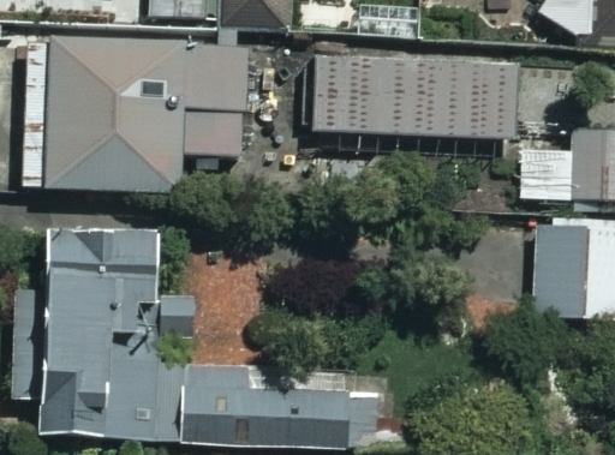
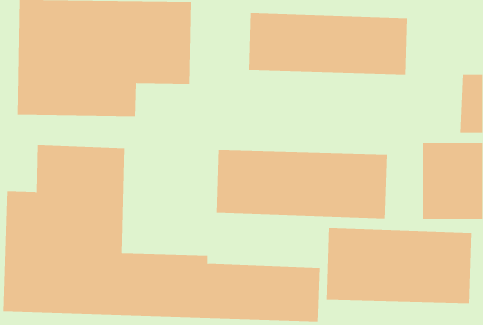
building: none -> [216,149,387,219]
building: none -> [326,227,472,304]

